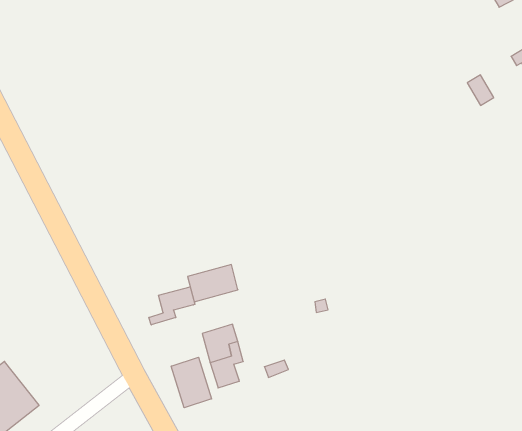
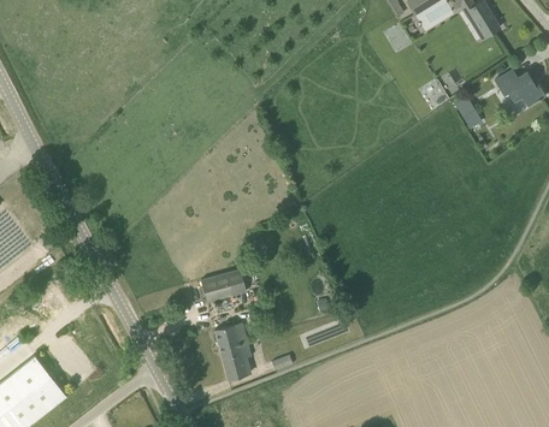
building: [149,287,195,325] -> none
building: [171,357,212,408] -> none

